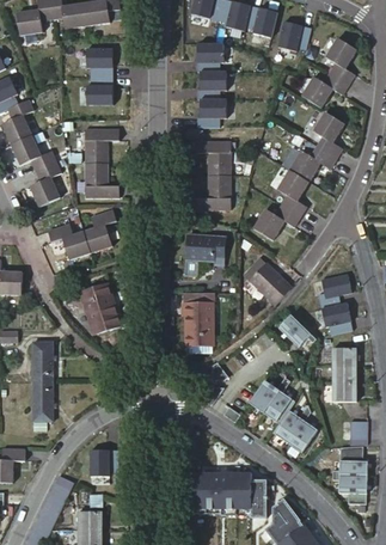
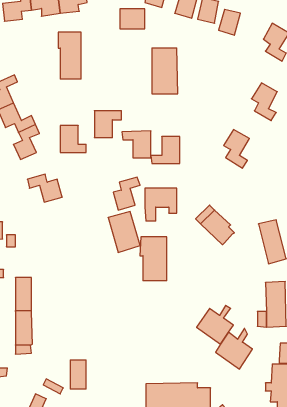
building: [195,39,225,63] -> [120,9,145,29]
building: [306,71,353,108] -> none
building: [86,128,118,160] -> [94,111,121,138]
building: [195,141,229,173] -> [122,131,151,158]
building: [294,142,339,176] -> none
building: [259,198,305,234] -> none
building: [82,207,115,246] -> [113,177,140,210]
building: [79,277,117,326] -> [108,212,140,252]
building: [278,313,318,345] -> none

